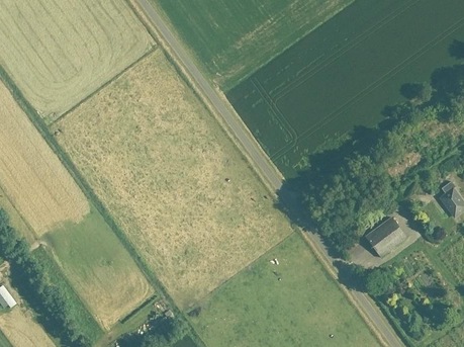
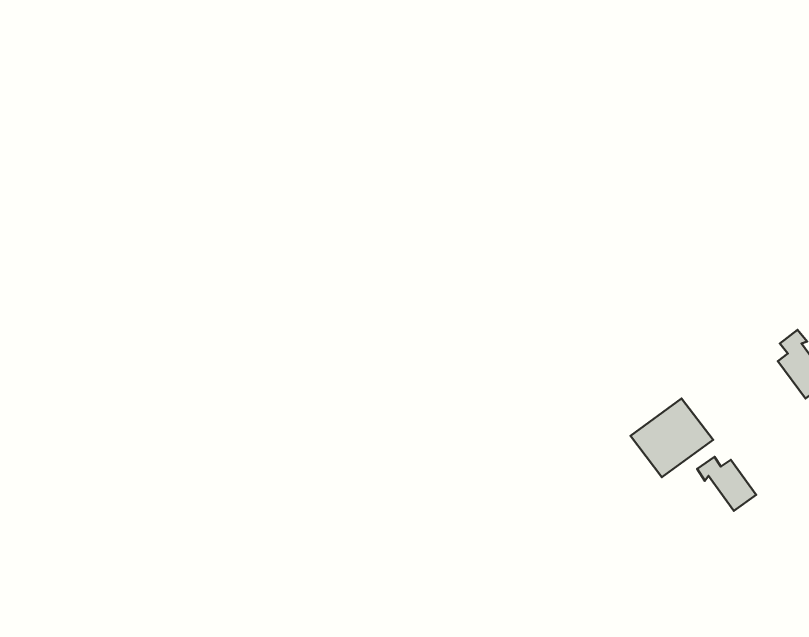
building: none -> [697,457,756,511]

